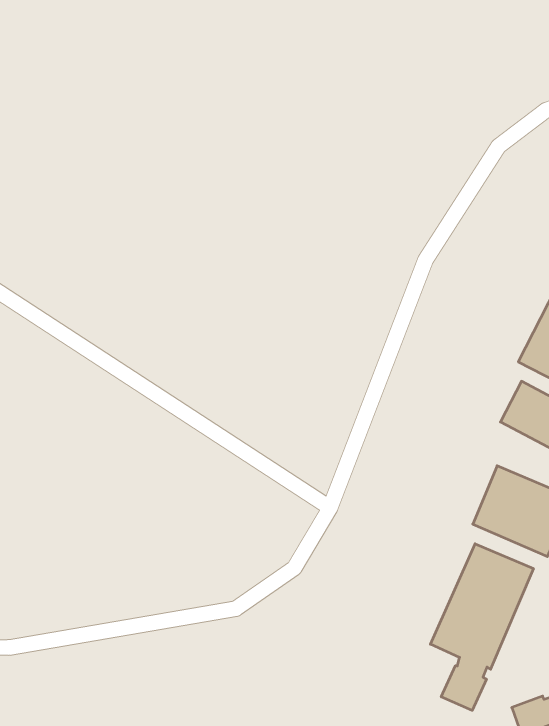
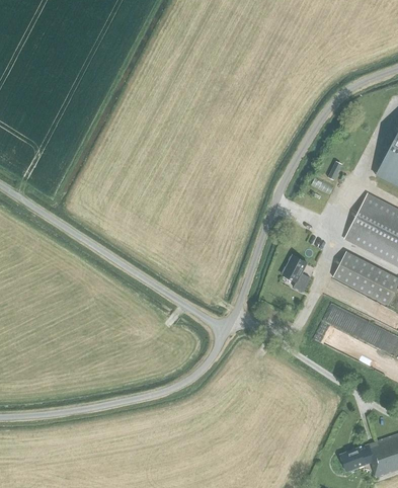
building: none -> [283,254,311,292]
building: [430,544,533,710] -> none

